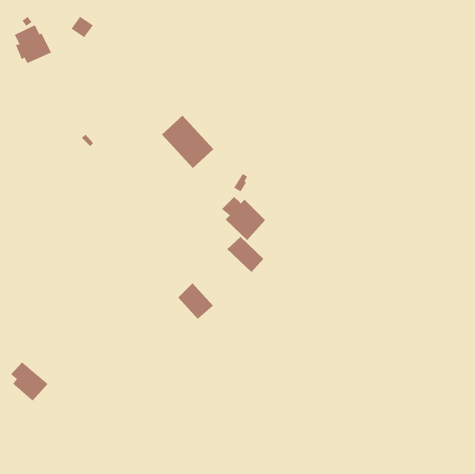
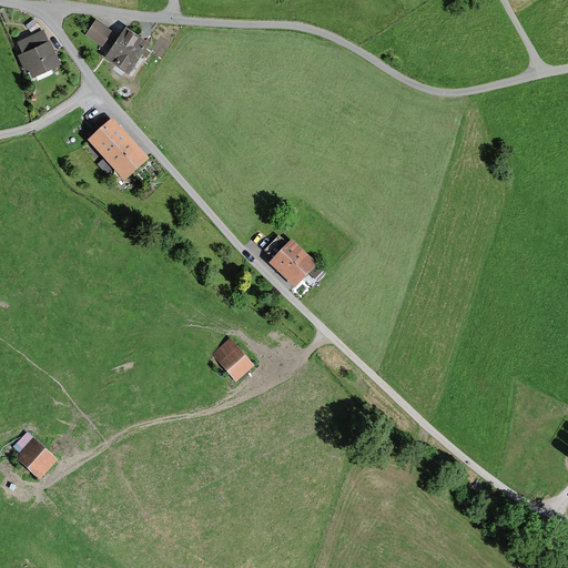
building: none -> [104,26,150,73]
building: [161,115,214,169] -> [87,118,150,182]
building: [227,236,264,273] -> none

